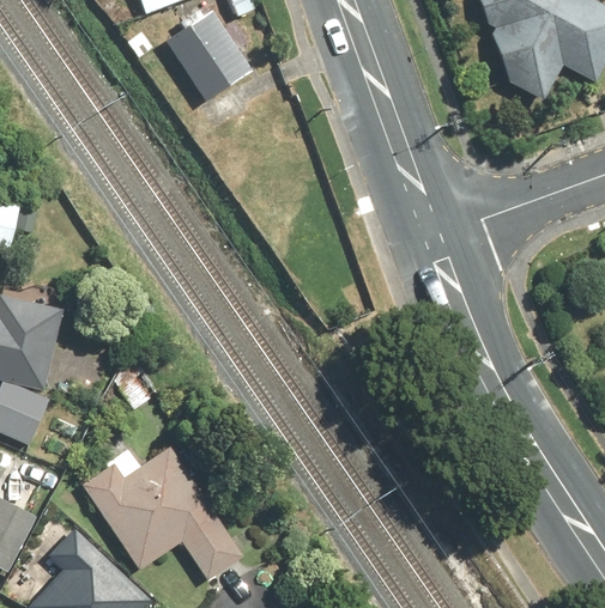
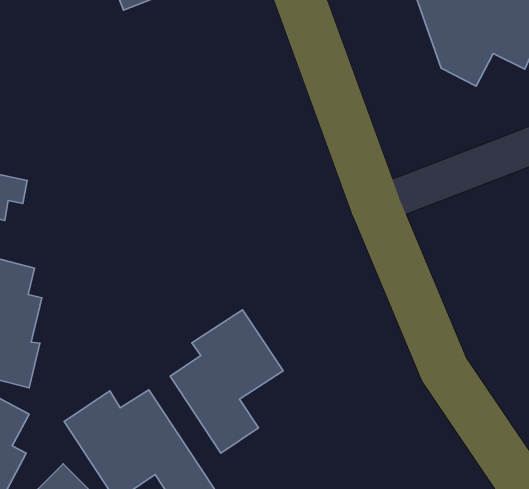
building: [165,11,252,103] -> none
building: none -> [170,310,283,453]

